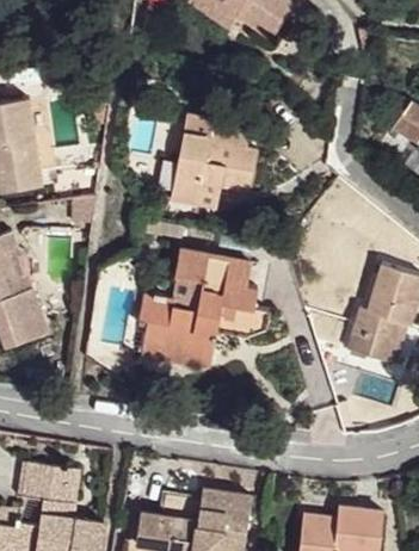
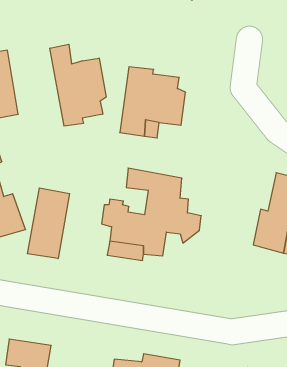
building: none -> [50,44,106,126]
building: none -> [27,188,70,259]

